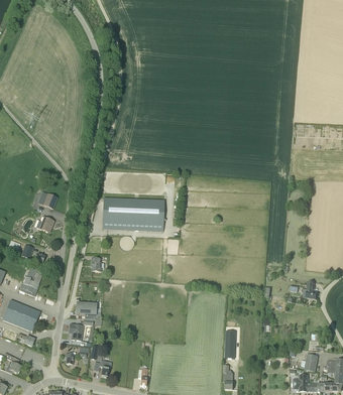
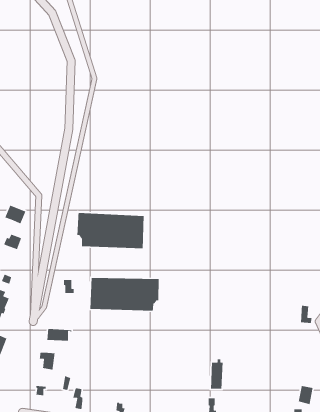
building: none -> [89,277,160,312]

